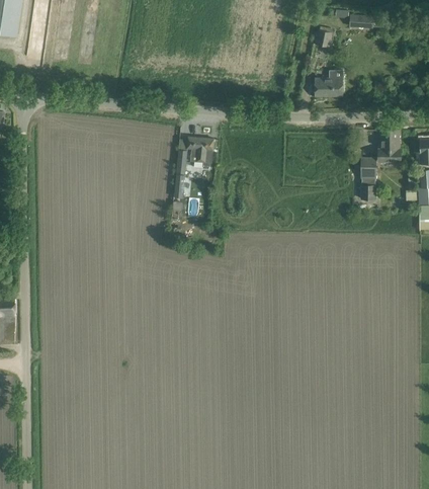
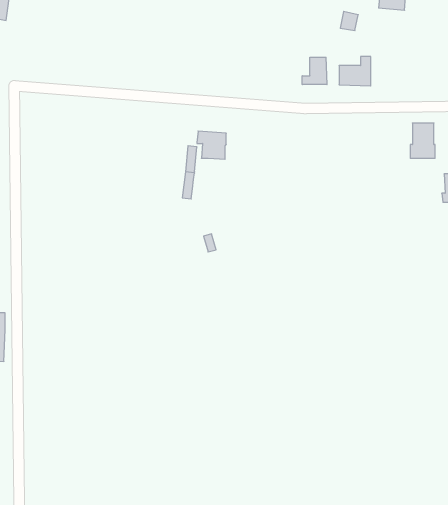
building: none -> [302,57,327,85]
building: [361,158,376,198] -> none

